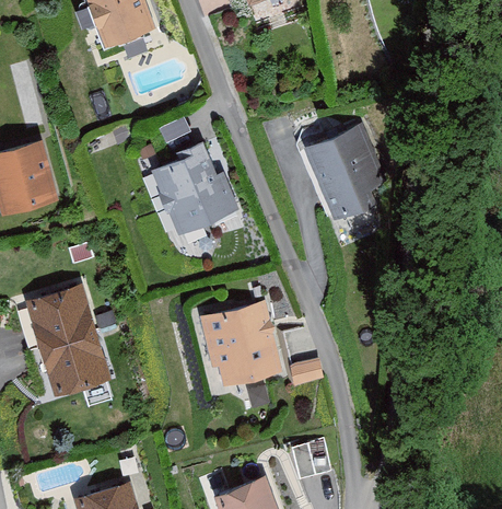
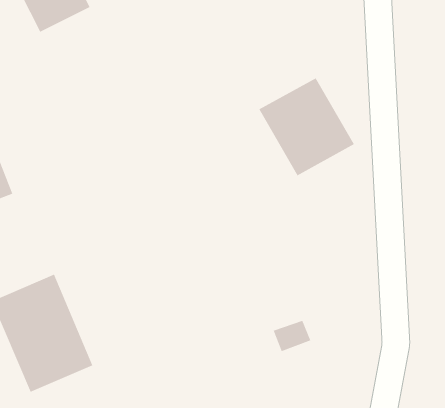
building: [149,149,231,235] -> none
building: [205,302,284,386] -> none

